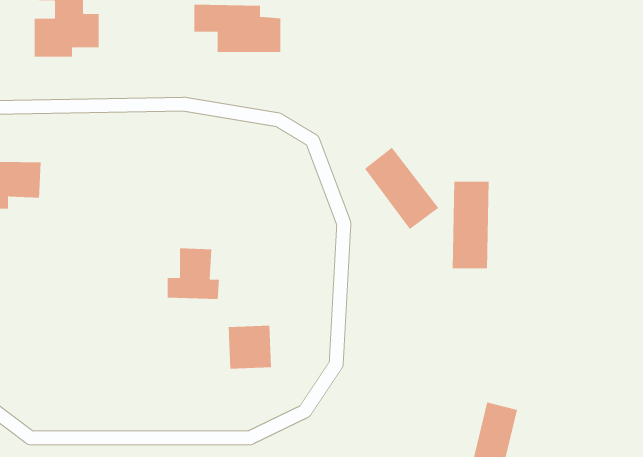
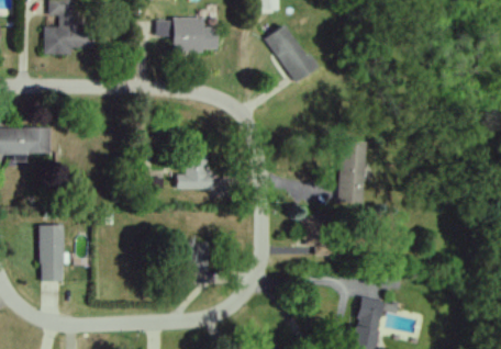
building: [364,147,439,230] -> [264,24,316,82]
building: [167,248,220,299] -> [177,153,214,189]
building: none -> [40,225,65,282]

